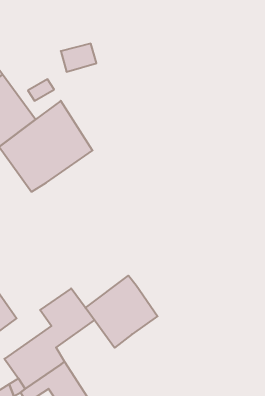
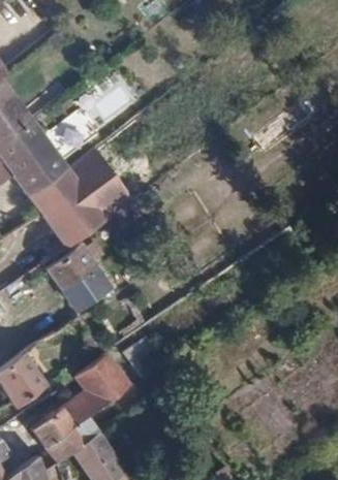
building: none -> [47,242,113,311]
building: [85,276,158,348] -> none

